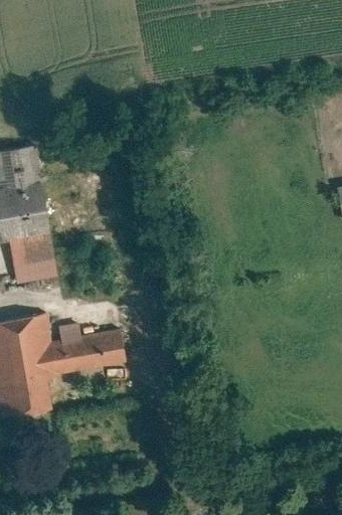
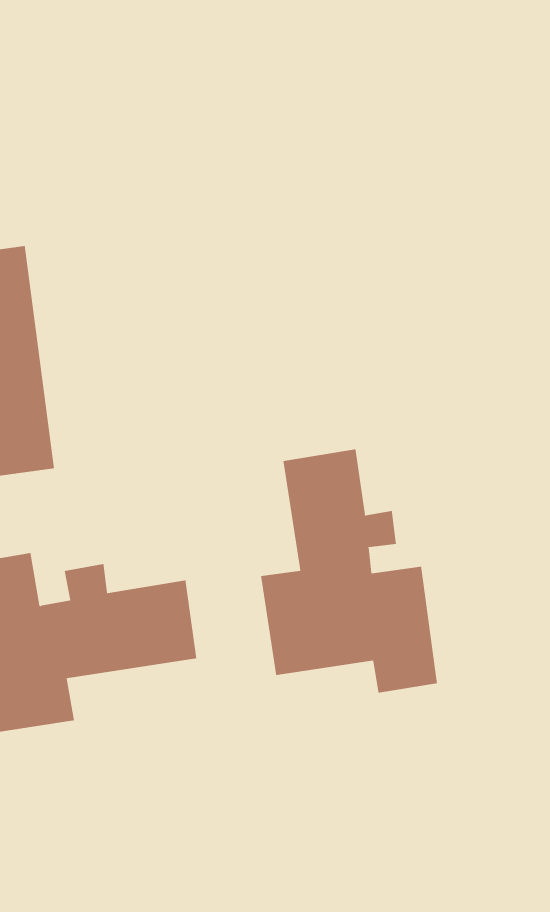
building: none -> [260,448,437,694]

